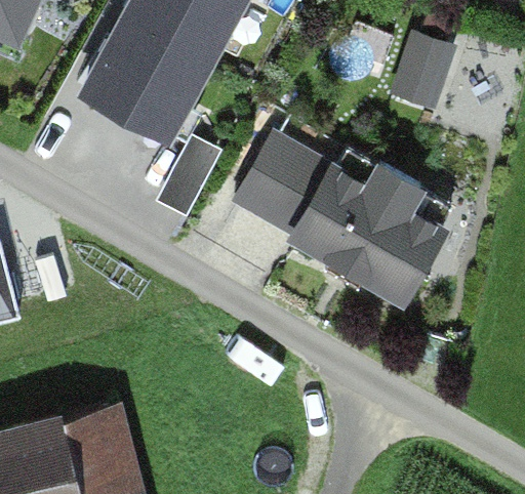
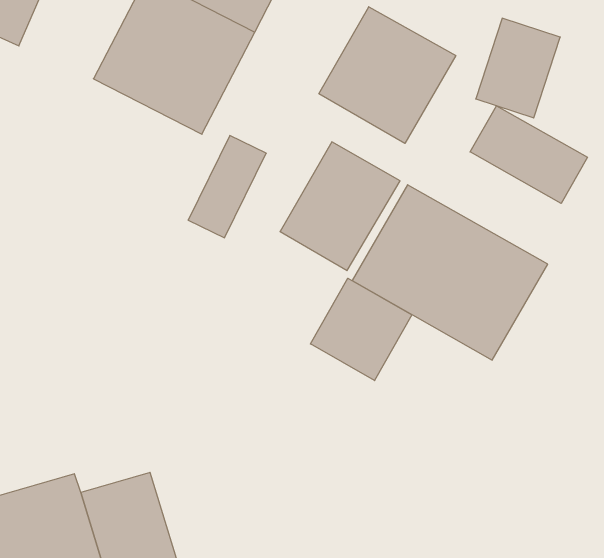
building: none -> [319,7,456,143]
building: none -> [470,106,587,203]
building: none -> [310,278,412,381]

